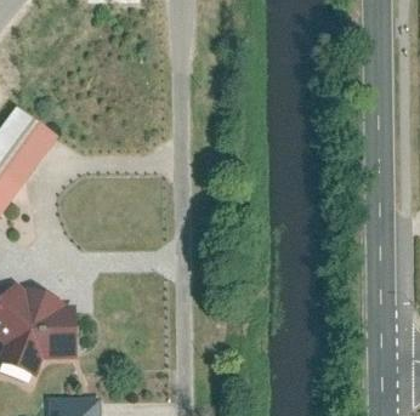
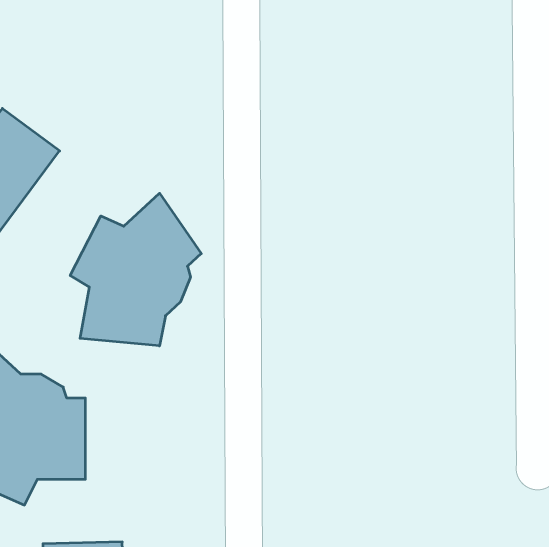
building: none -> [70,193,201,346]

